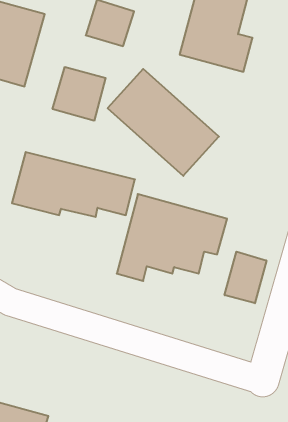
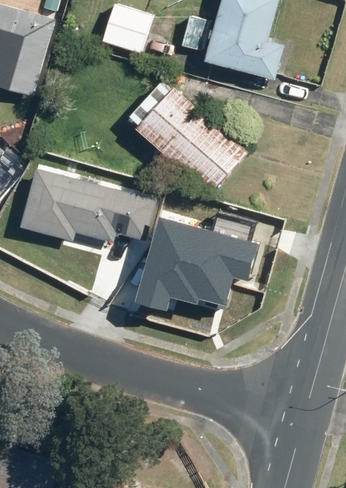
building: [53,67,106,121] -> none
building: [225,252,266,303] -> none

